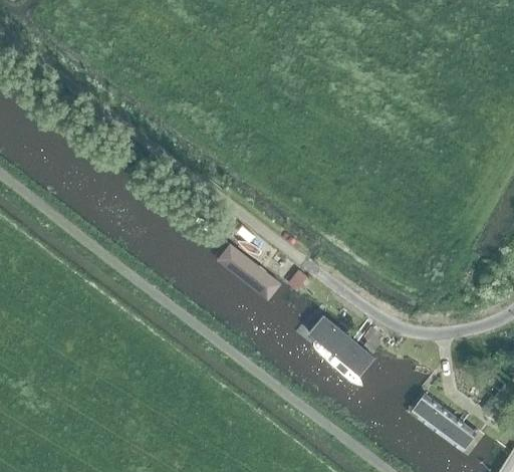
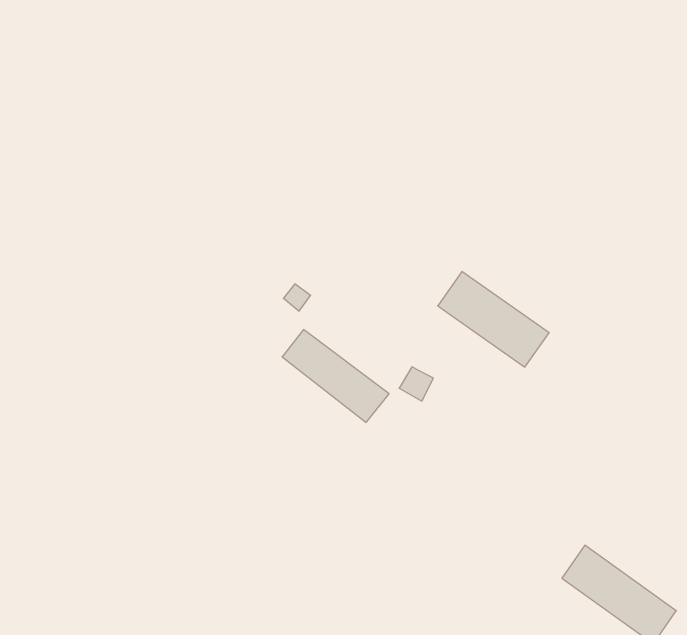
building: [301,311,379,379] -> [438,271,549,367]

